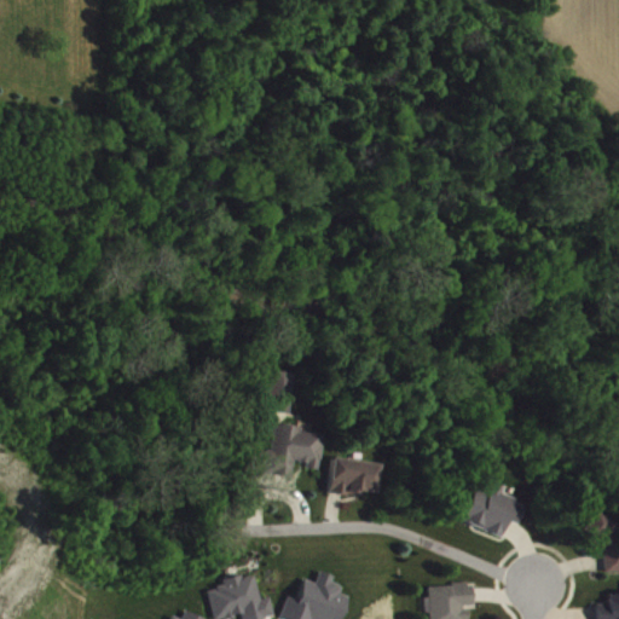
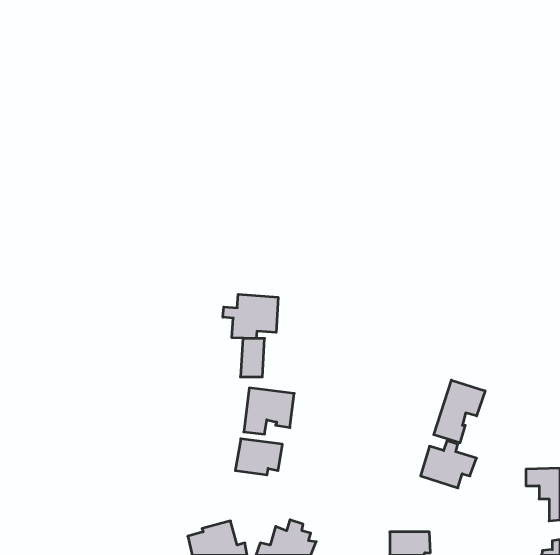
building: none -> [223,294,278,338]
building: none -> [434,380,485,443]
building: [328,458,380,498] -> [235,439,282,475]

